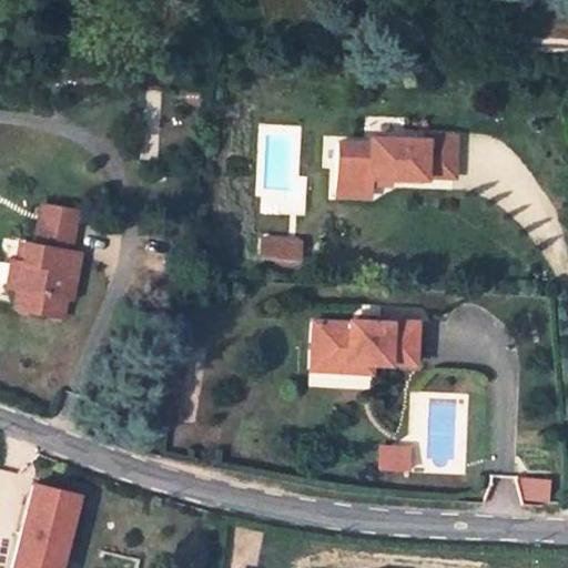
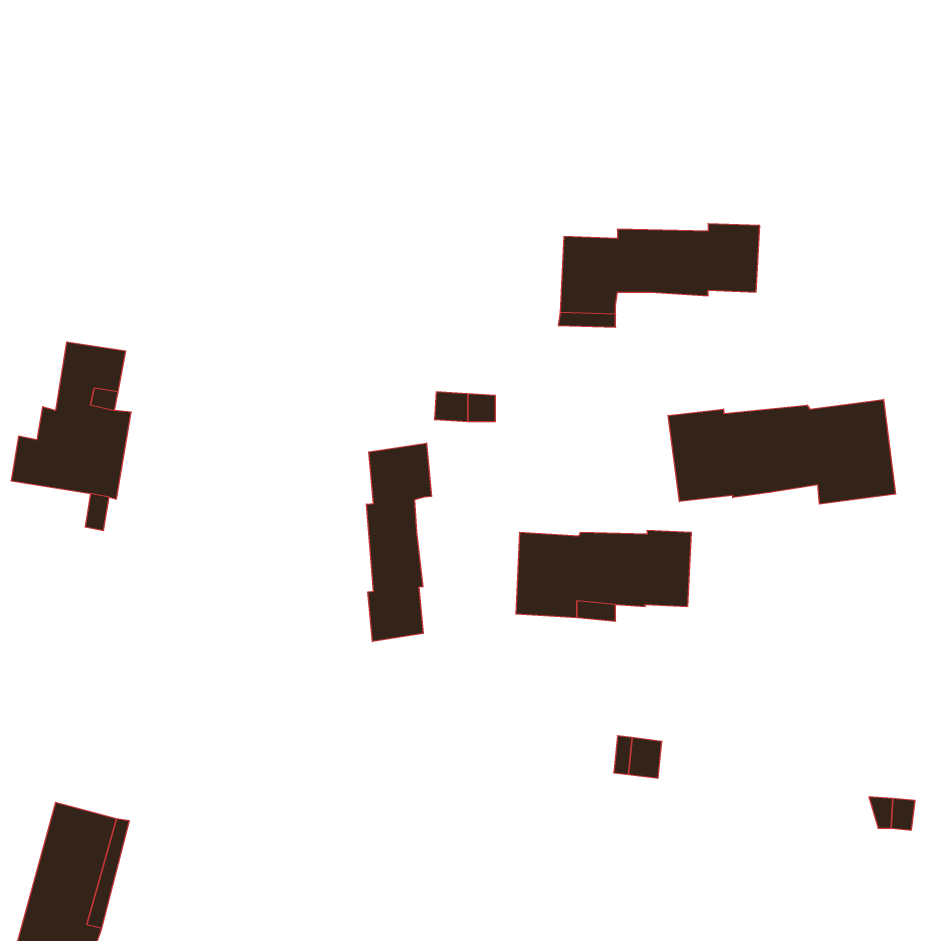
building: none -> [668,399,895,504]
building: none -> [367,443,431,642]

